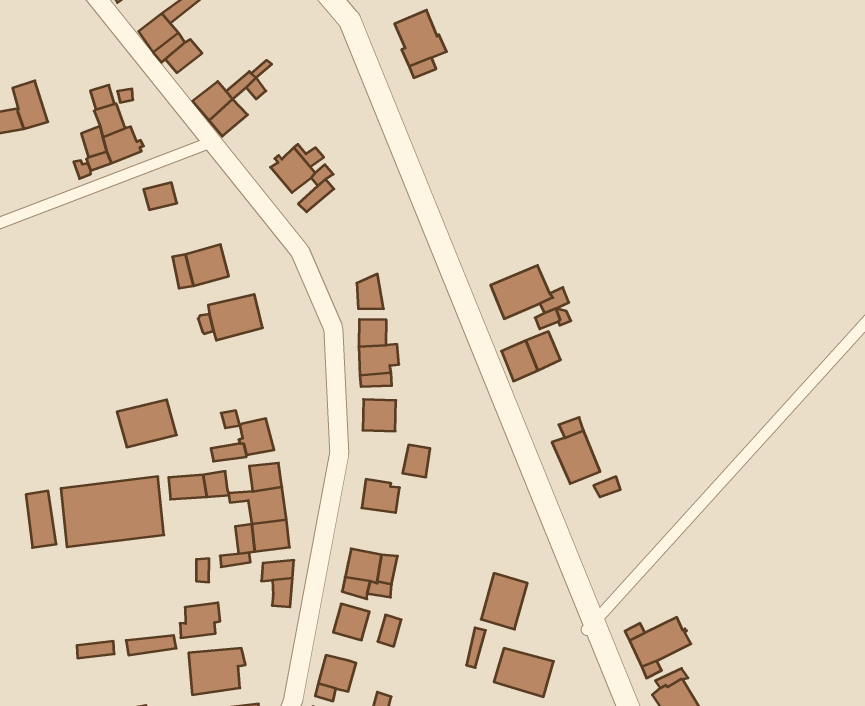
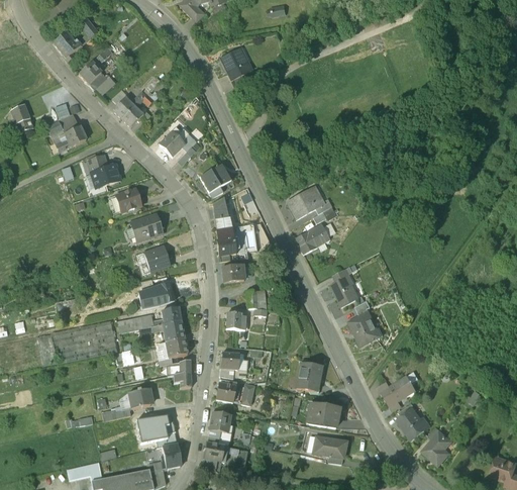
building: none -> [91,167,121,188]
building: none -> [200,163,231,192]
building: [117,400,177,447] -> [136,246,171,274]
building: none -> [348,310,380,345]

